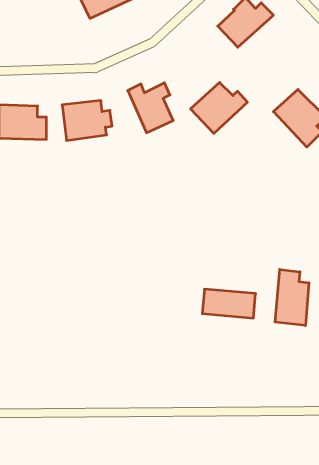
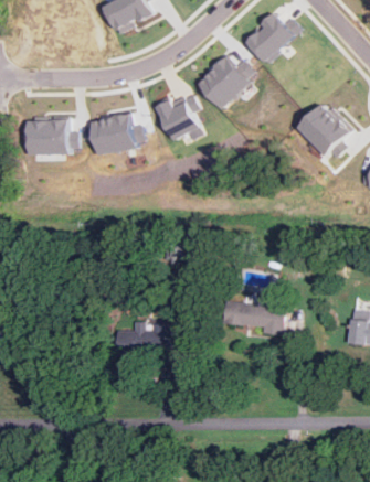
building: [191,82,247,133] -> [197,55,253,106]
building: [275,269,309,326] -> none
building: none -> [116,328,170,353]

